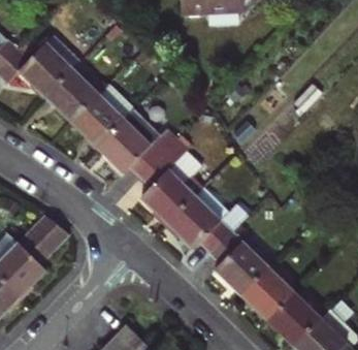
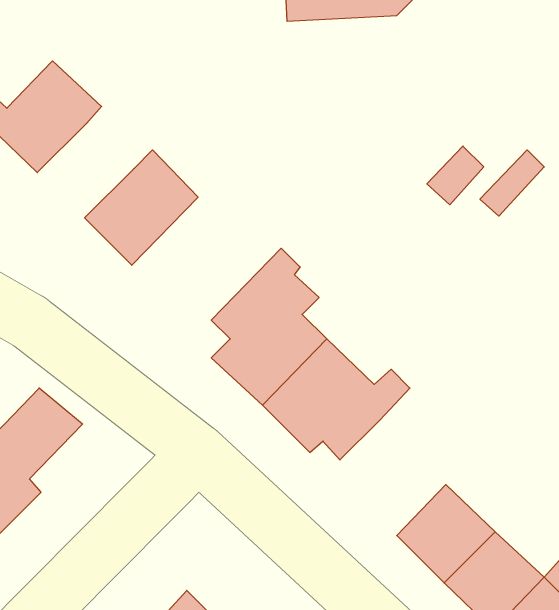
building: [45,69,98,121] -> none
building: [97,109,178,177] -> none
building: [210,231,268,294] -> none

